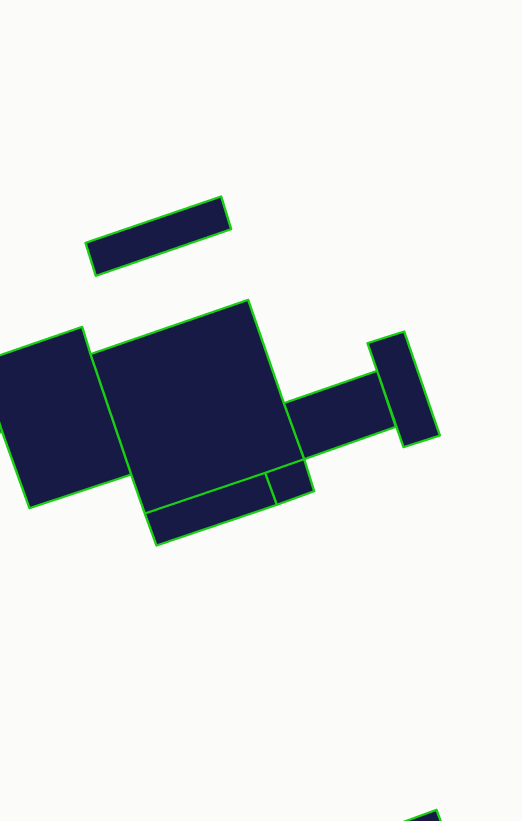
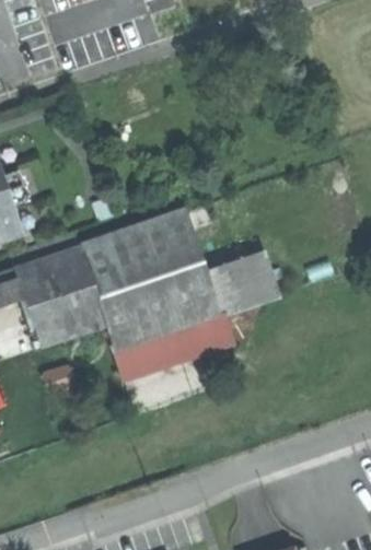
building: [86,196,231,276] -> none
building: [367,331,440,447] -> none

